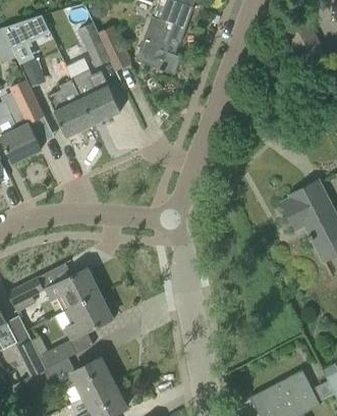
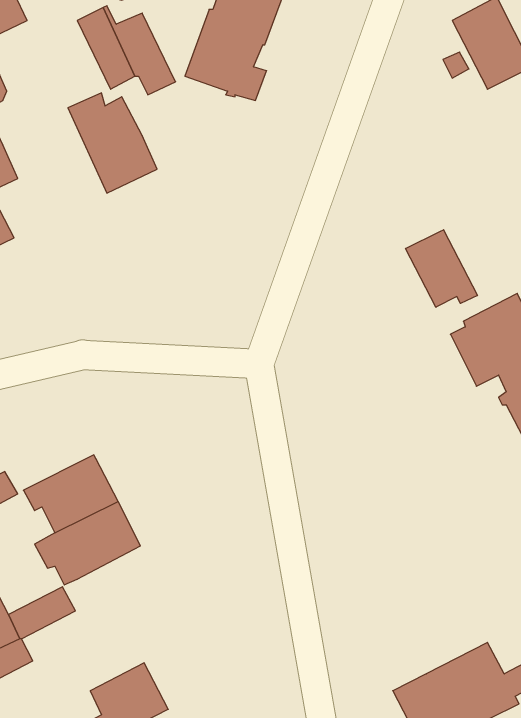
building: [49,77,94,138] -> none
building: none -> [406,230,477,307]
building: [59,357,114,398] -> none

